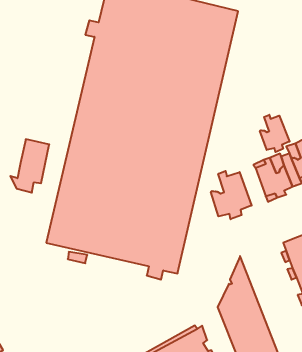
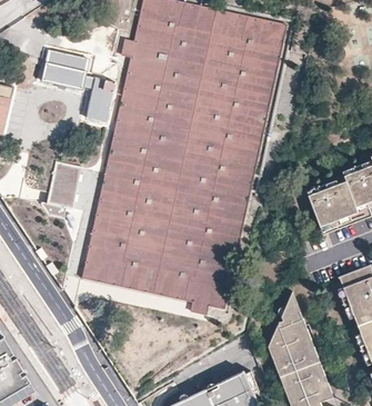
building: none -> [40,50,115,121]
building: [260,115,290,152] -> none
building: [211,171,252,219] -> none

